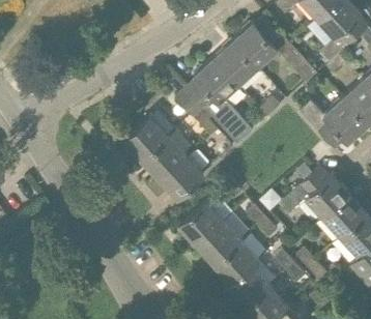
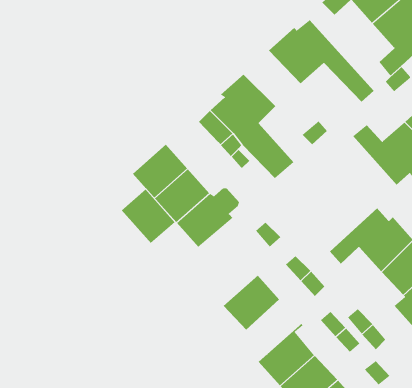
building: [212,42,258,87] -> none
building: none -> [121,189,175,244]
building: [178,201,224,246] -> none
building: [215,241,259,285] -> none

